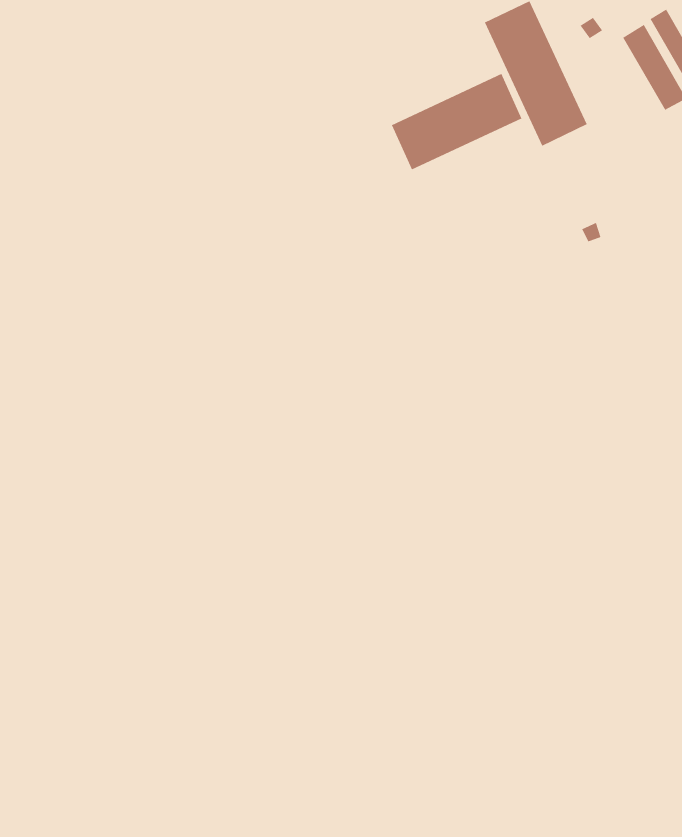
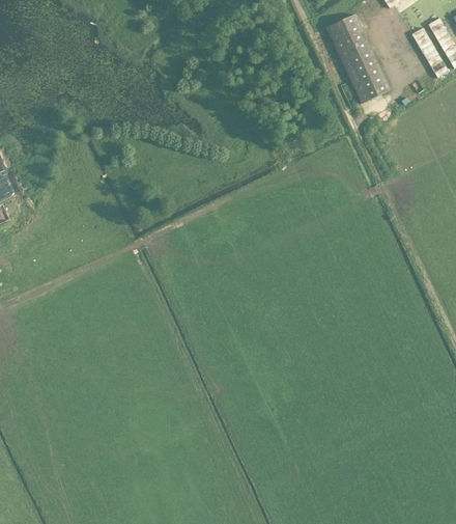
building: [391,73,523,171] -> none

